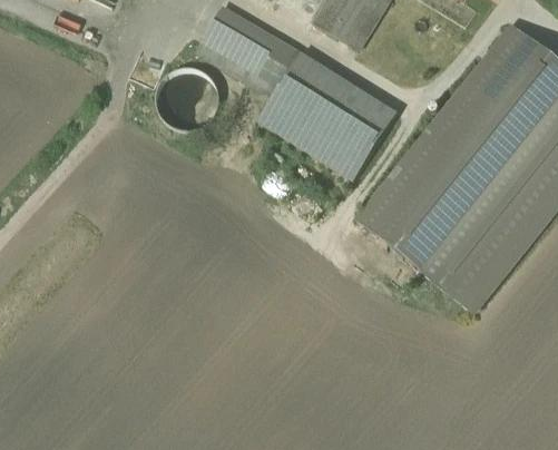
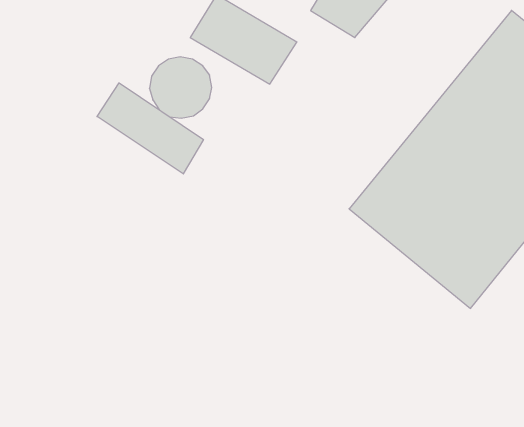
building: [260,52,397,178] -> none
building: none -> [97,83,203,174]

